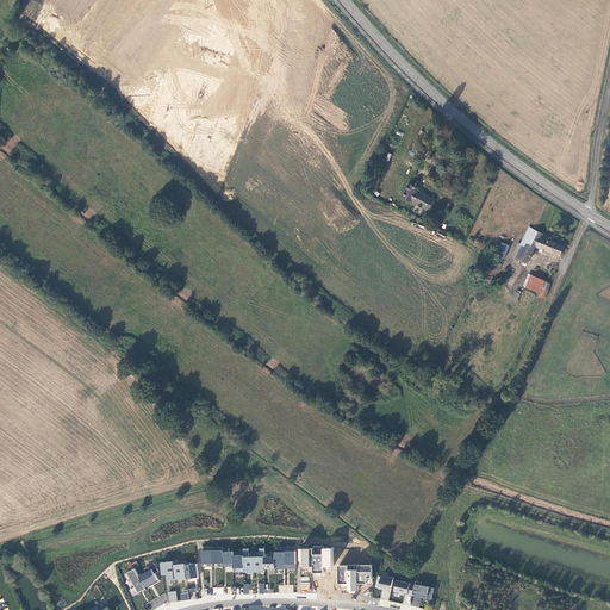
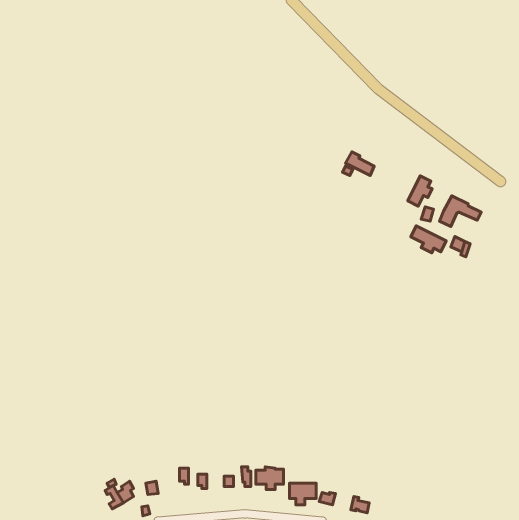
building: none -> [408,176,432,206]
building: none -> [411,226,446,253]

